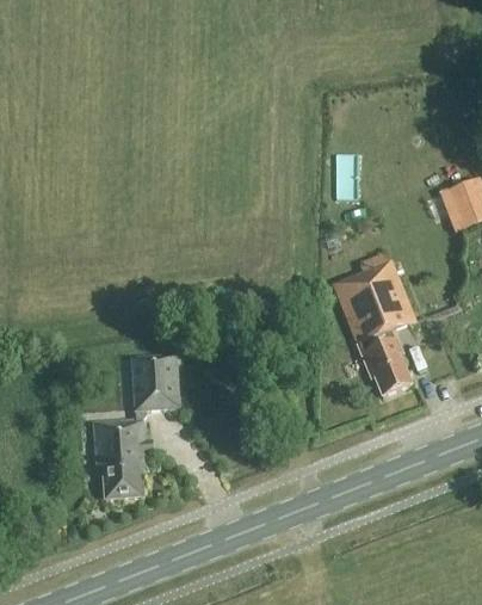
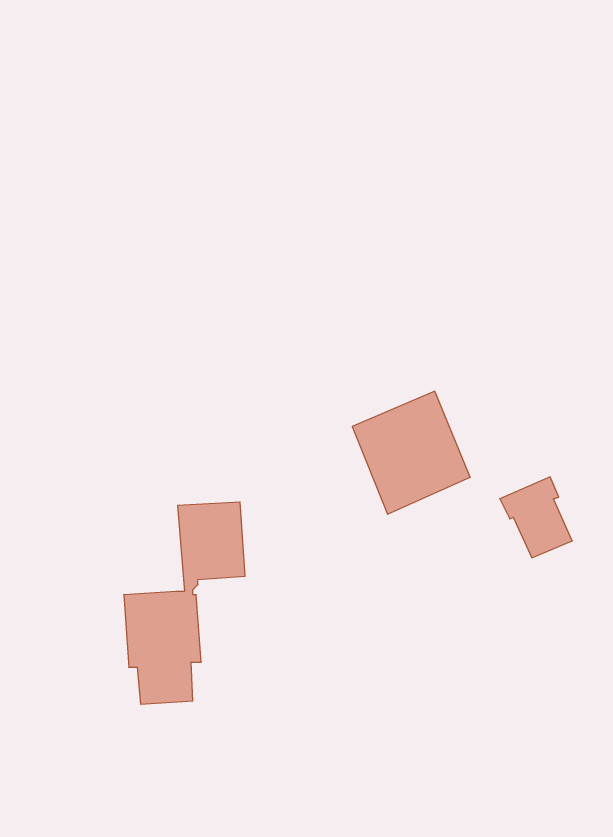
building: [333,260,416,347] -> [352,391,470,514]

